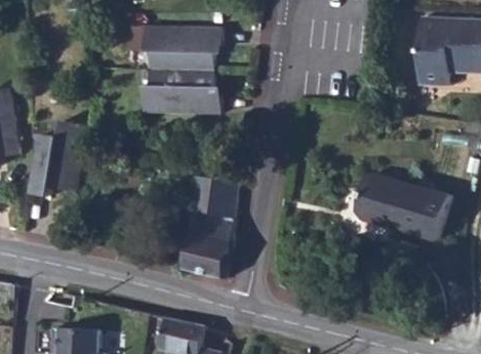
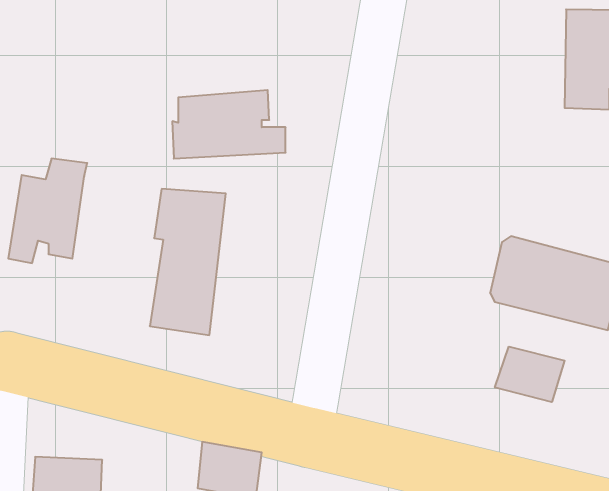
building: [138,31,216,78] -> none
building: [190,176,242,277] -> [150,189,226,335]
building: none -> [495,347,565,402]

